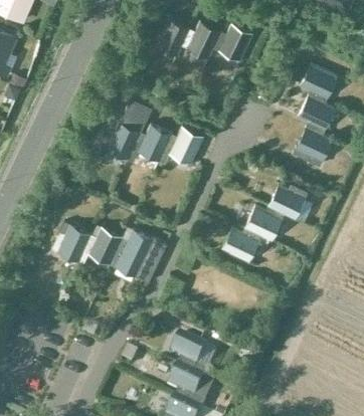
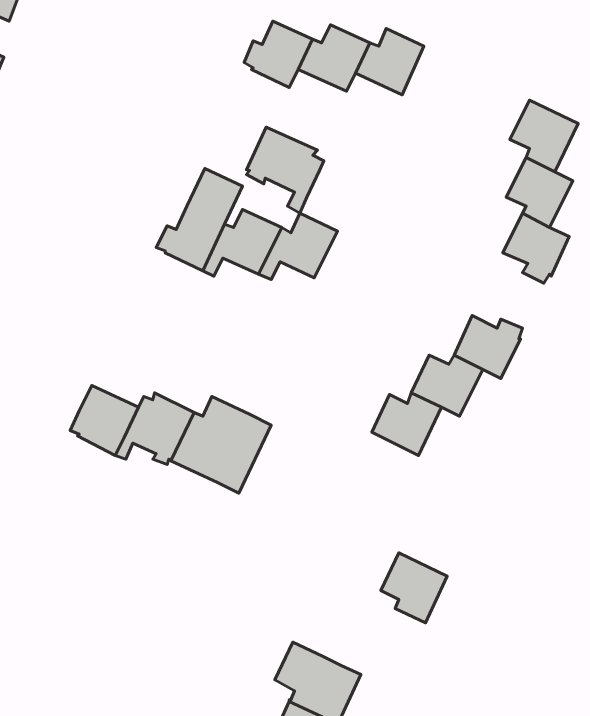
building: none -> [246,127,324,213]
building: [169,336,206,375] -> [381,553,447,623]

